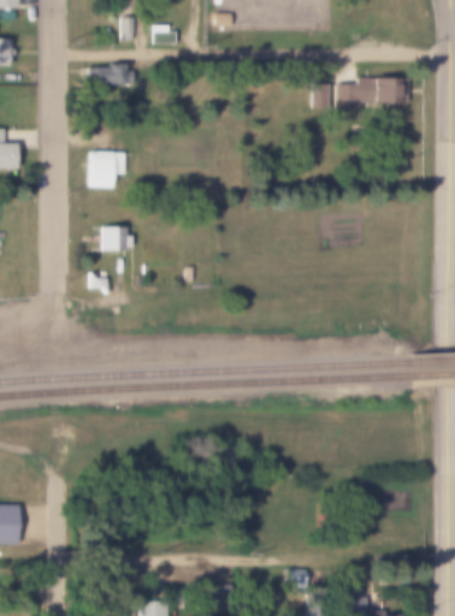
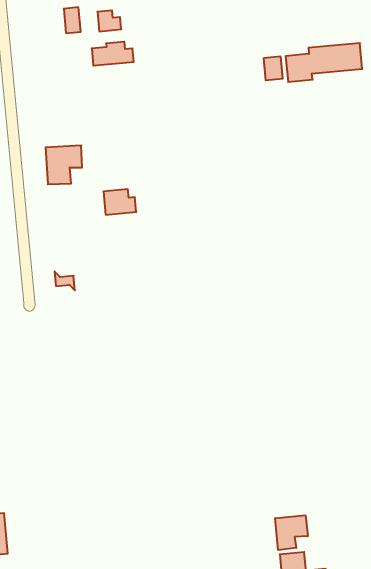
building: [95,64,135,84] -> [92,42,134,66]
building: [104,227,134,250] -> [103,189,136,215]
building: none -> [275,515,308,550]

